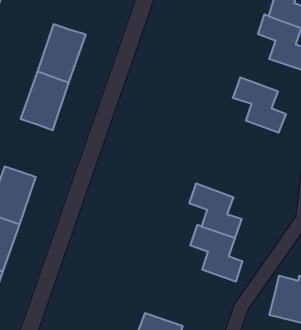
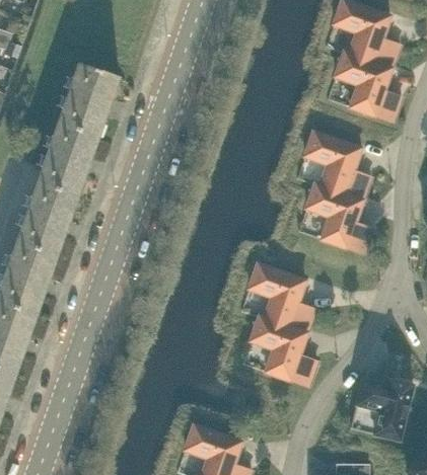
building: none -> [16,182,77,255]
building: none -> [305,183,371,253]

